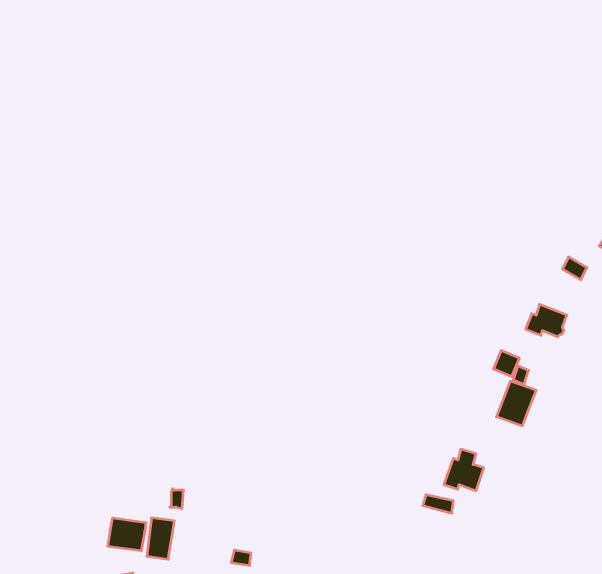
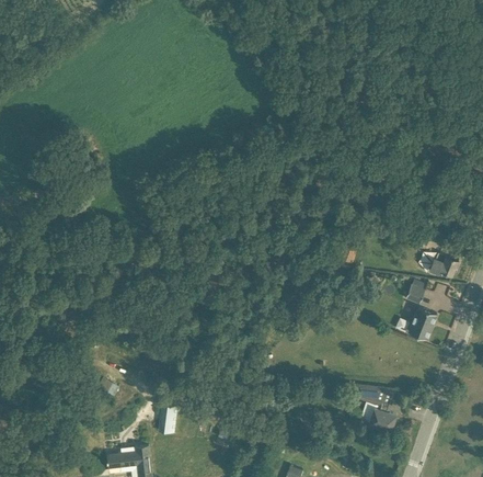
building: [444,449,484,491] -> [366,400,394,430]
building: [108,518,146,551] -> none

